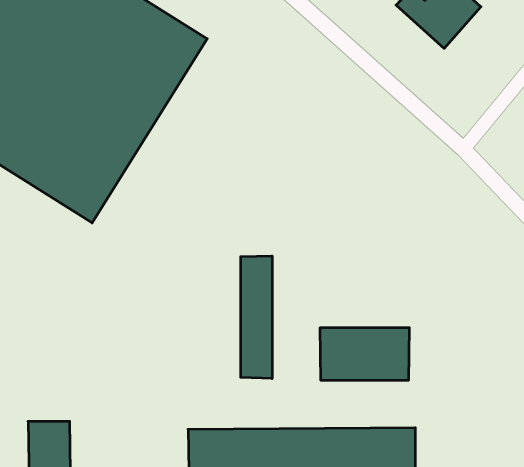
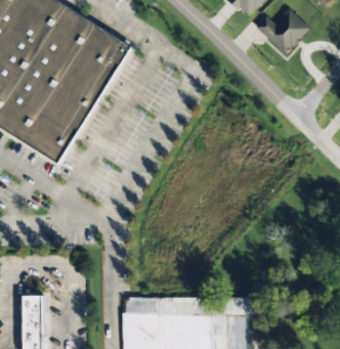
building: [241,256,272,379] -> none
building: [320,328,409,380] -> none

